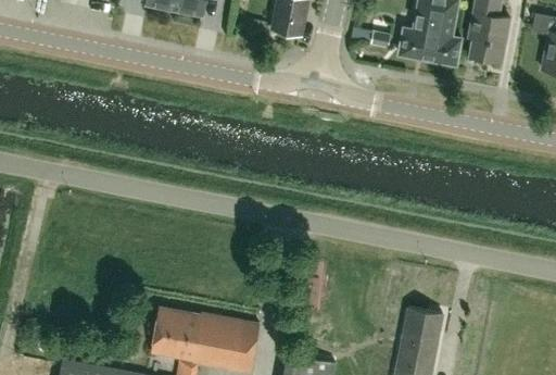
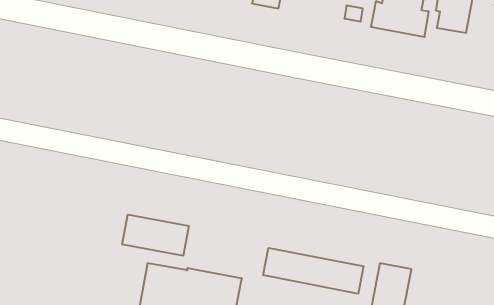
building: none -> [122,215,189,256]
building: none -> [263,248,363,294]

